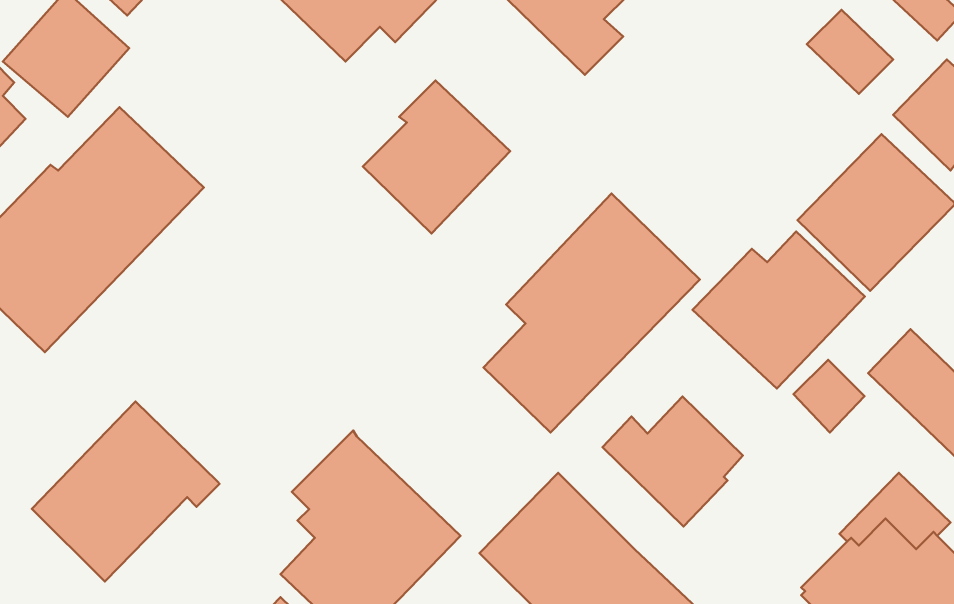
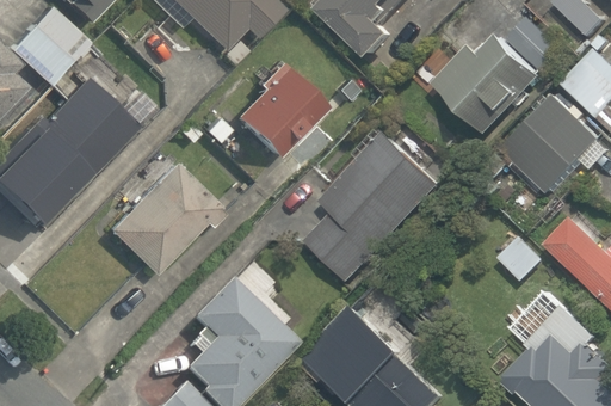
building: [693,232,865,388] -> [433,36,541,134]
building: [602,397,743,526] -> none
building: [32,402,220,581] -> [104,162,221,275]

